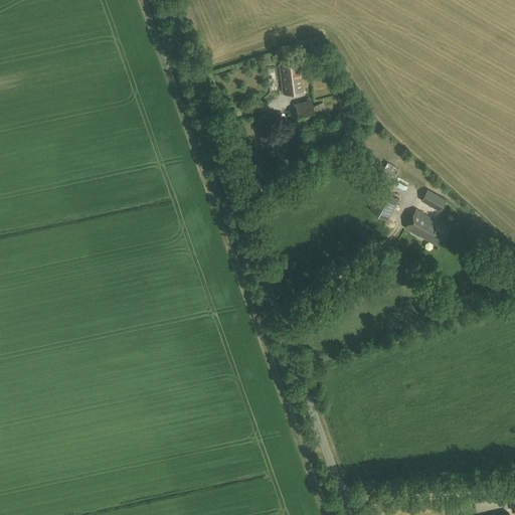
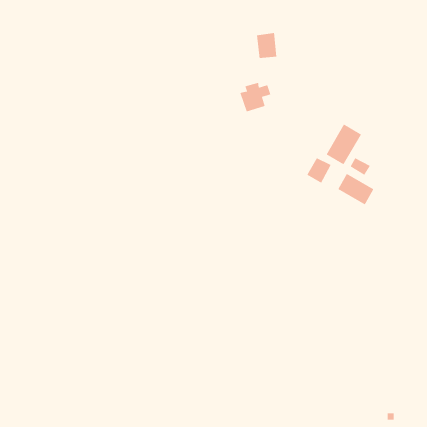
building: [279,62,304,94] -> [256,33,277,59]
building: none -> [326,124,362,165]

